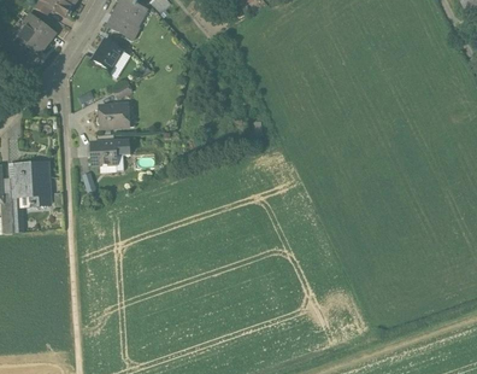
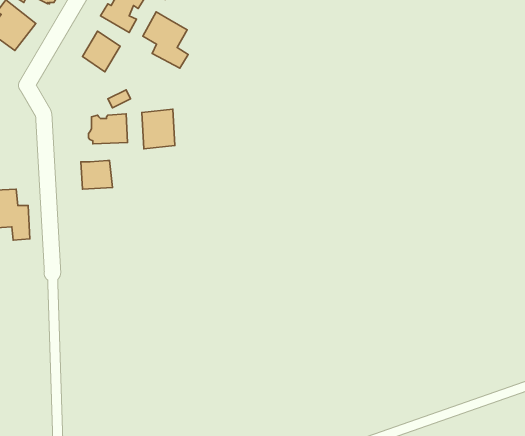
building: none -> [143,12,188,68]
building: none -> [142,109,175,149]

